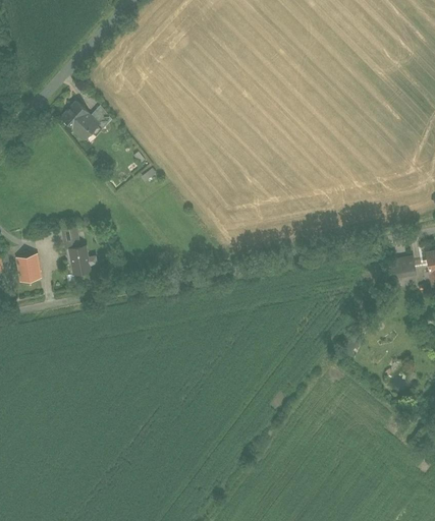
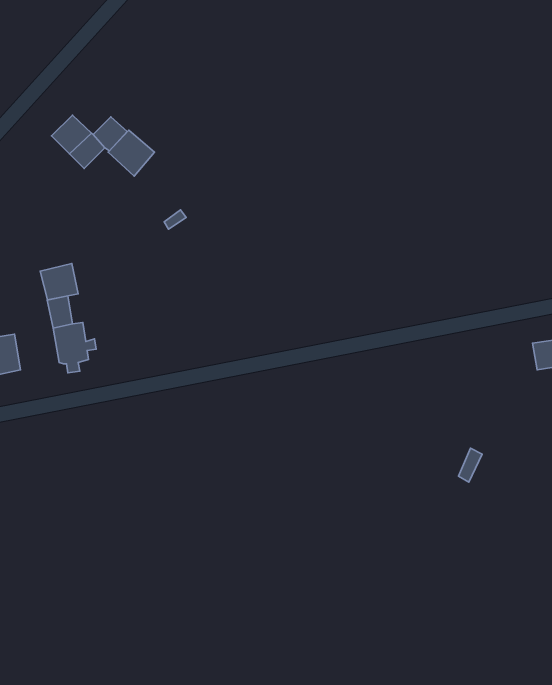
building: none -> [108,130,155,176]
building: none -> [40,263,78,300]

